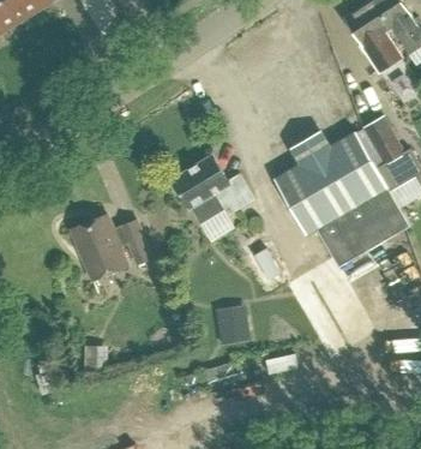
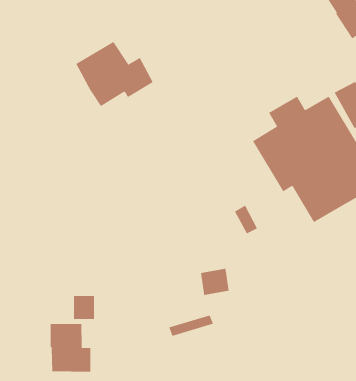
building: [173,156,255,226] -> [75,41,154,107]
building: [72,214,152,280] -> none
building: none -> [50,323,91,372]

